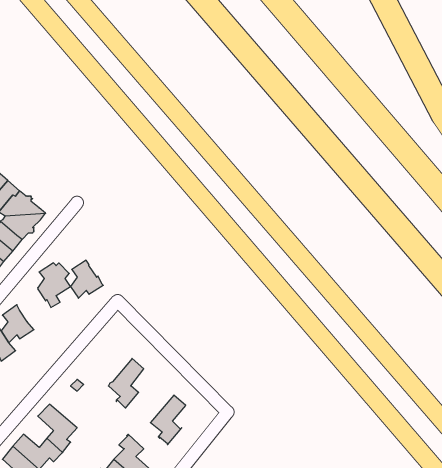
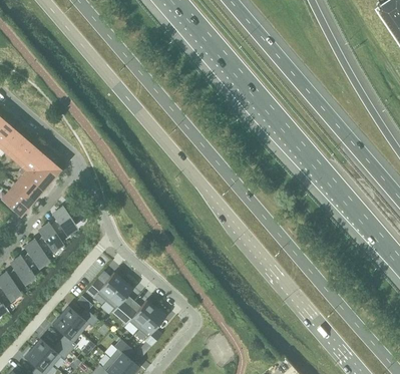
building: [71,260,103,298] -> [37,224,62,253]
building: none -> [85,273,123,302]
building: none -> [118,301,155,330]
building: none -> [60,306,97,334]

